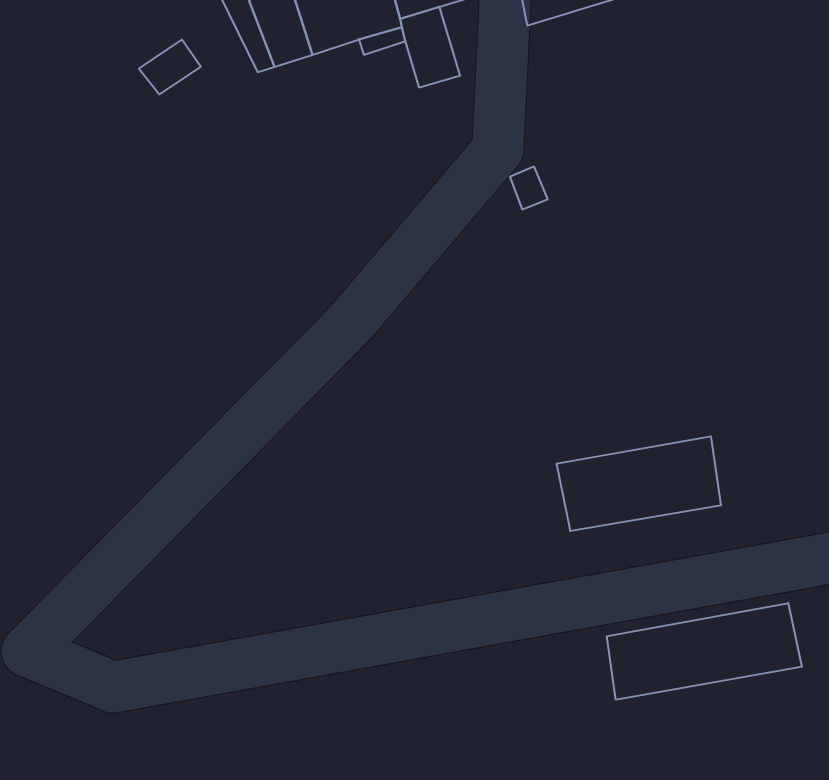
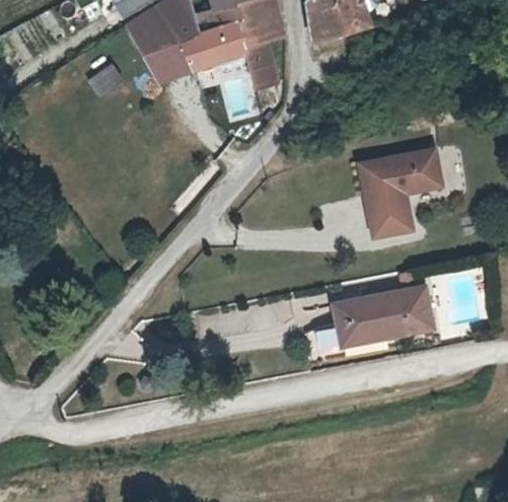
building: none -> [358,151,439,237]
building: [607,603,802,700] -> none

